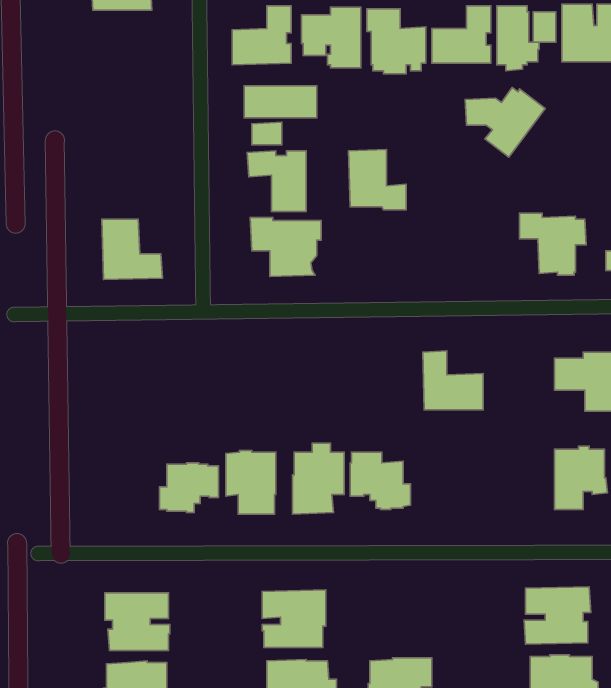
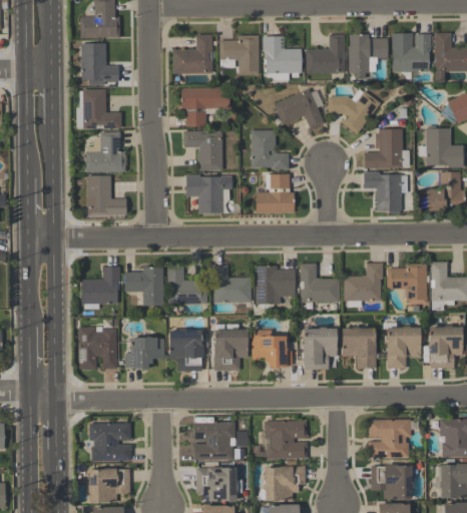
building: none -> [81,43,119,85]
building: none -> [274,88,325,129]
building: none -> [76,89,121,128]
building: none -> [364,108,408,168]
building: none -> [85,131,126,172]
building: none -> [256,173,295,213]
building: none -> [344,263,383,307]
building: none -> [211,265,251,303]
building: none -> [167,266,207,304]
building: none -> [257,266,295,304]
building: none -> [82,267,120,309]
building: none -> [125,267,163,306]
building: none -> [79,326,117,369]
building: none -> [303,327,337,370]
building: none -> [342,327,376,369]
building: none -> [265,421,308,458]

